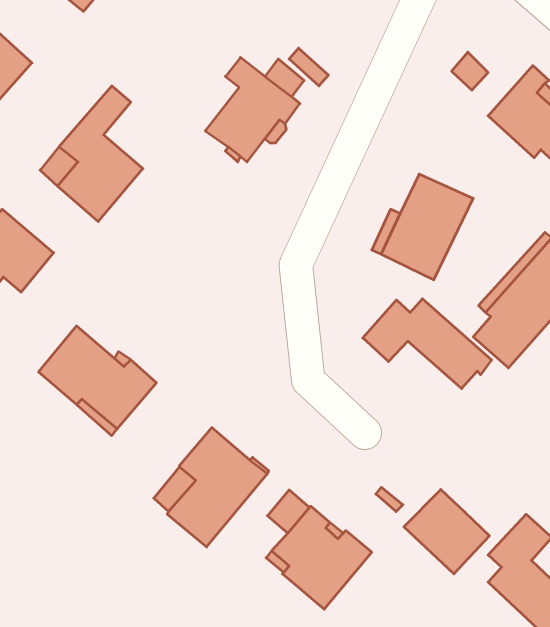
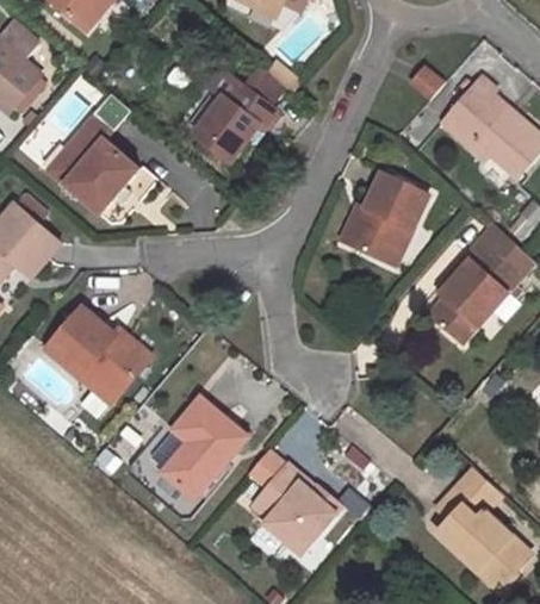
building: [363,299,492,389] -> none
building: [404,489,489,574] -> none

